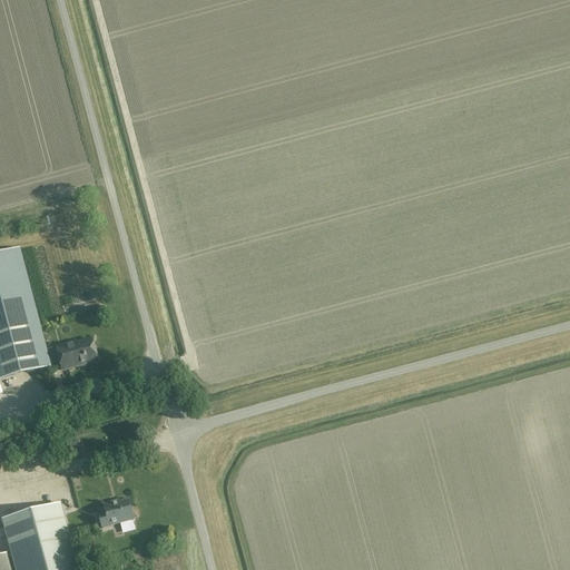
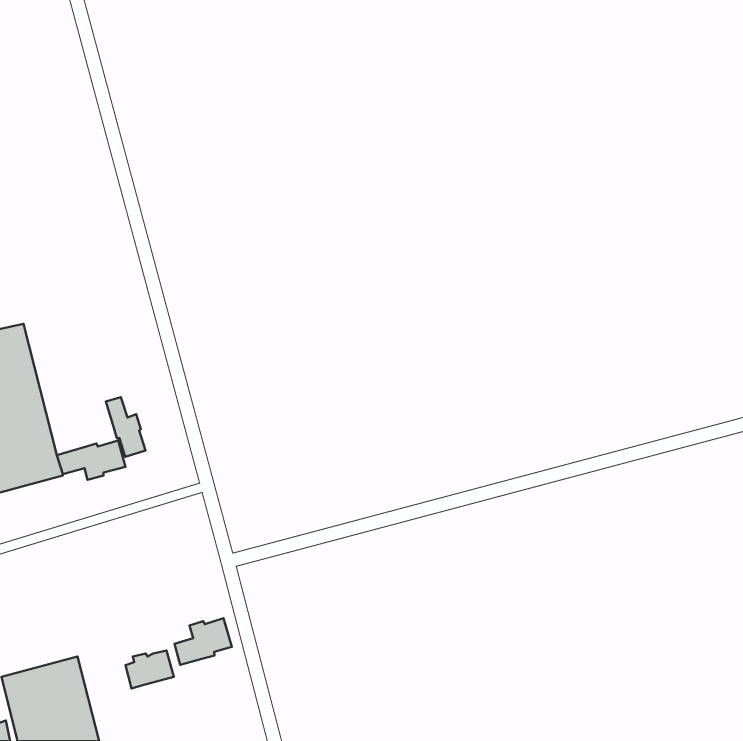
building: none -> [106,397,146,457]
building: none -> [174,618,232,665]

